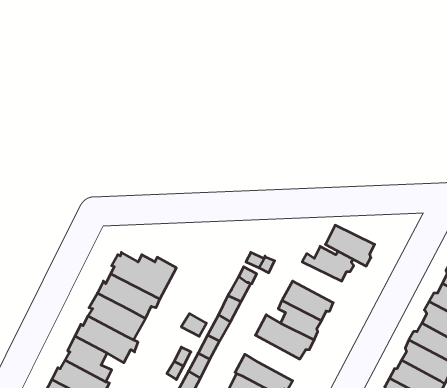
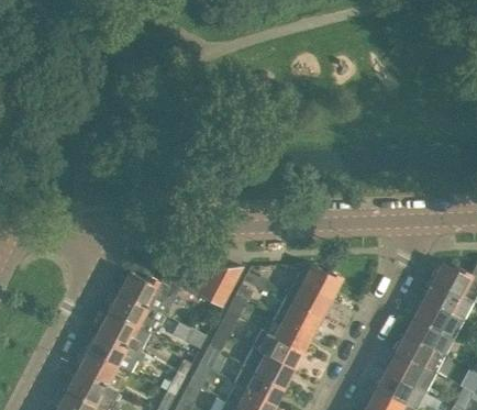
building: [325,225,375,266] -> [286,281,331,319]
building: none -> [197,267,243,309]
building: none -> [242,348,292,390]

